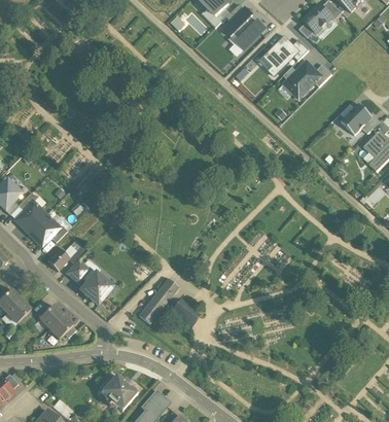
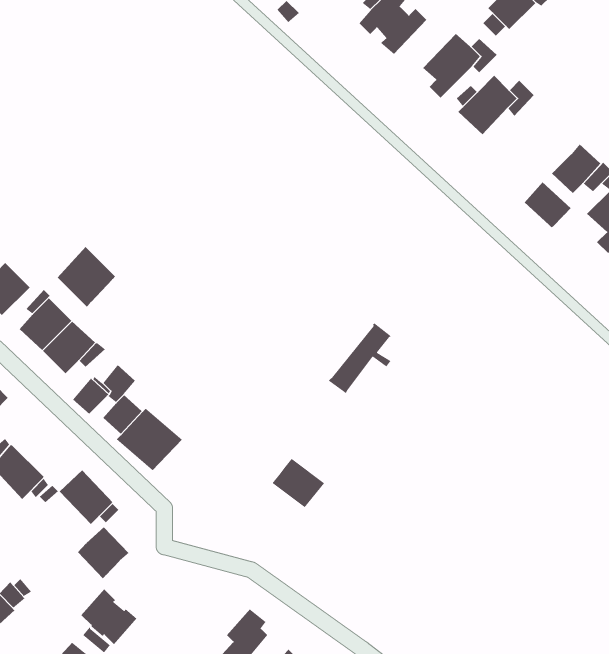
building: none -> [524,182,571,229]
building: none -> [57,246,116,308]
building: [138,279,177,323] -> [328,322,391,394]
building: none -> [77,526,129,579]
building: [101,375,136,410] -> [81,588,138,645]

